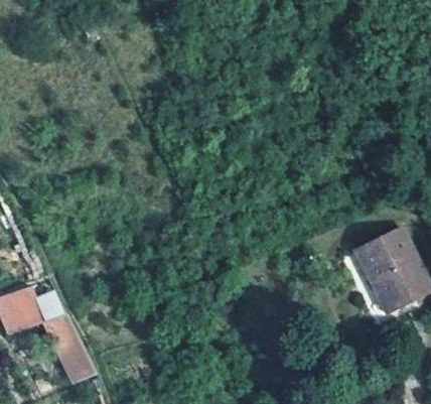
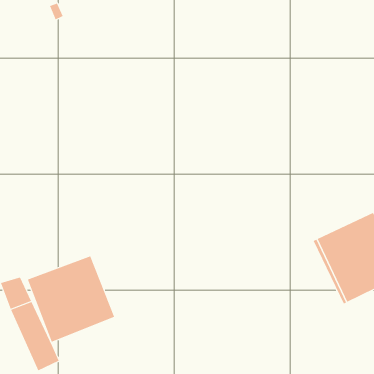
building: none -> [27,255,115,343]

